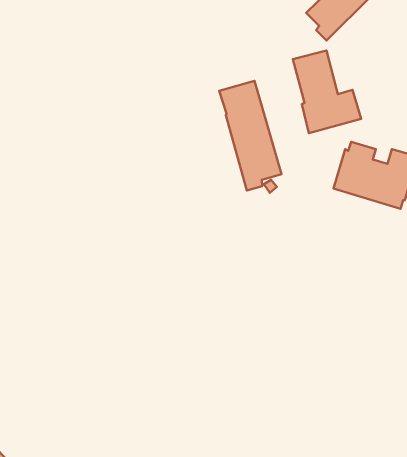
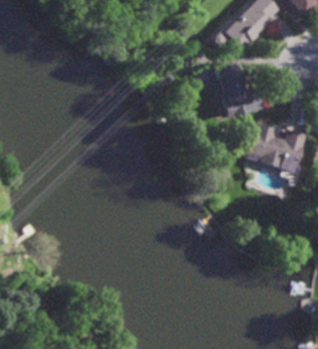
building: [219,81,282,191] -> none

